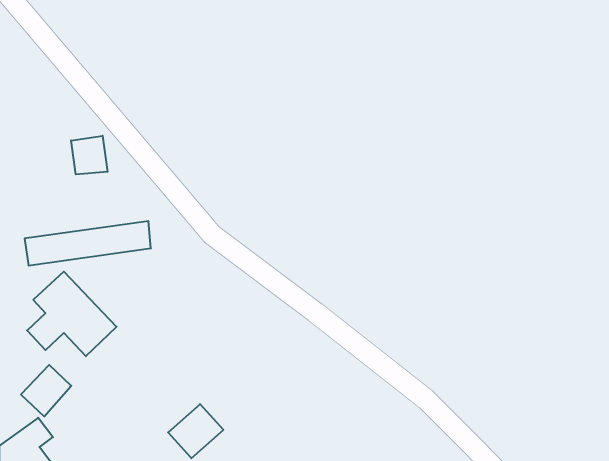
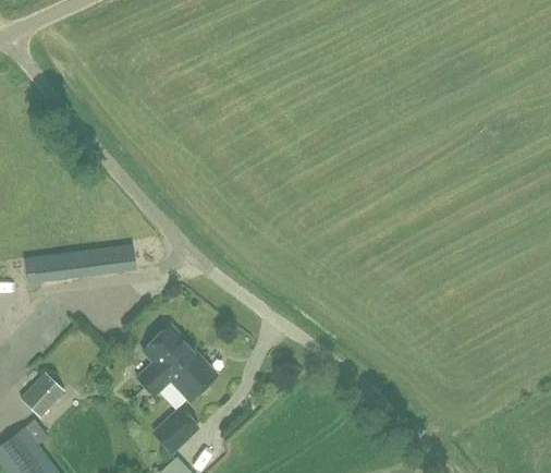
building: [71,136,108,174] -> none
building: [27,272,117,356] -> [137,326,217,401]

